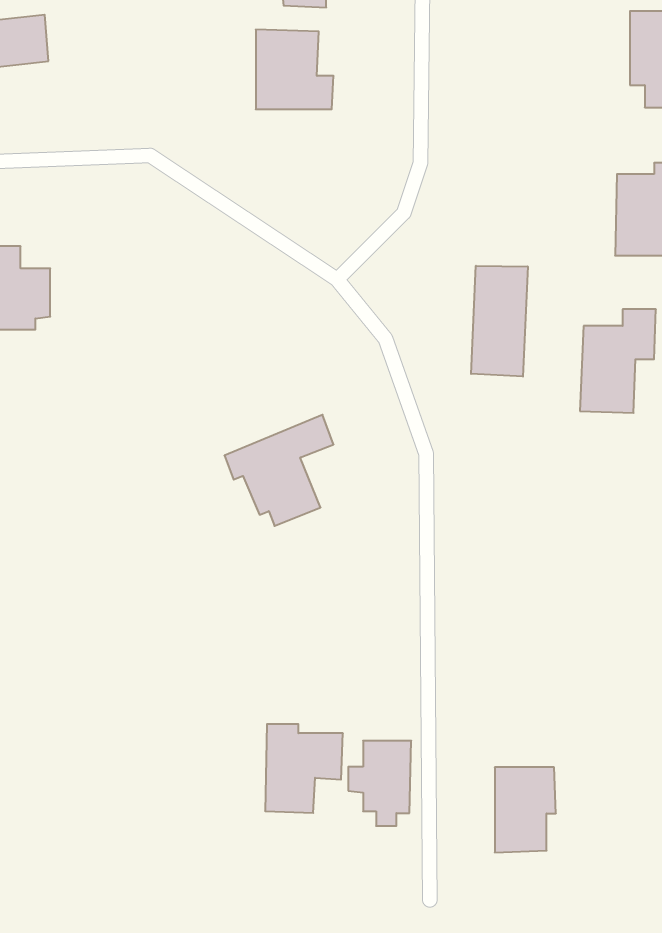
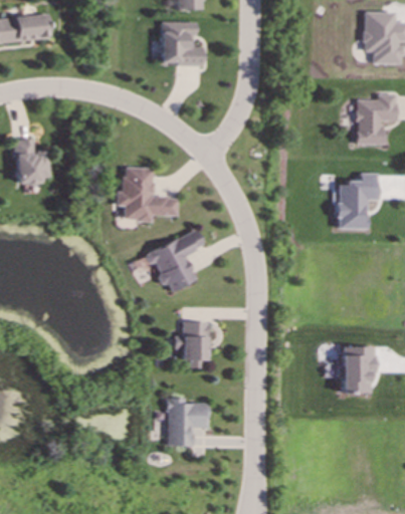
building: [471,266,528,377] -> none
building: none -> [118,167,178,221]
building: [348,741,411,826] -> [175,321,209,367]
building: [495,767,556,852] -> [343,346,376,393]

